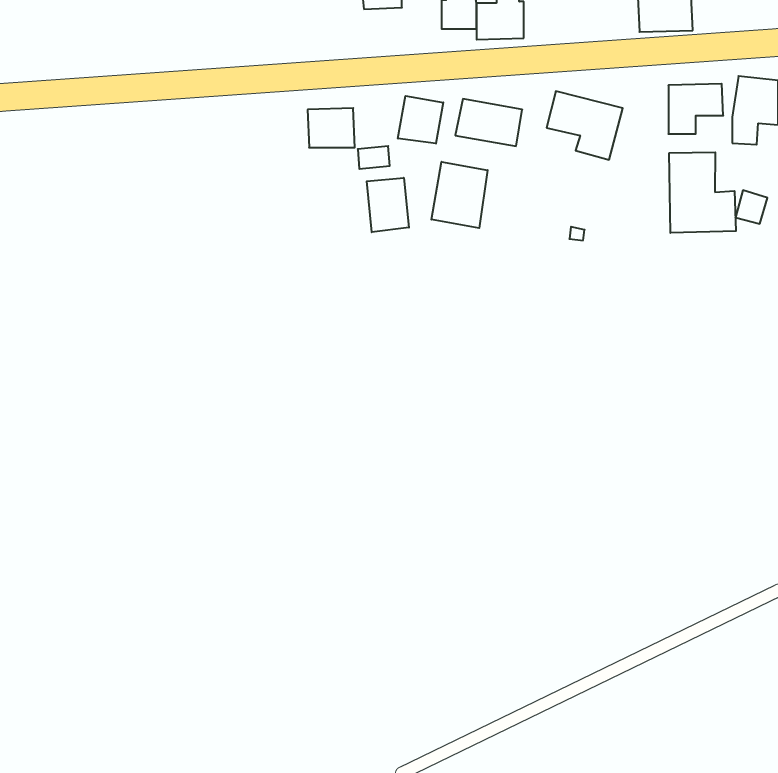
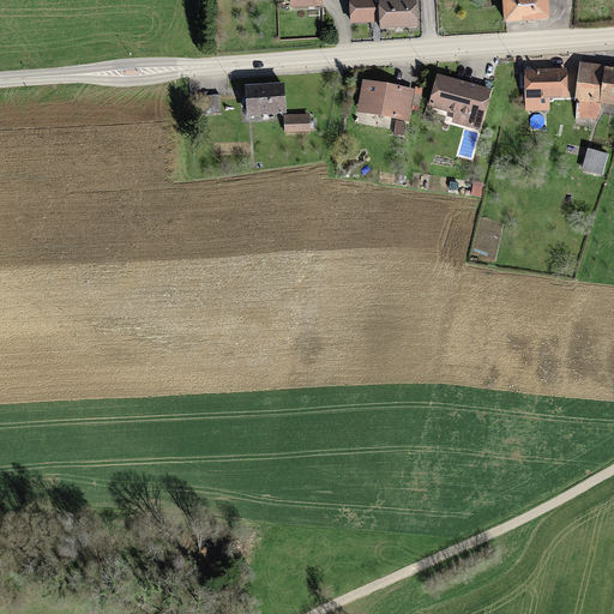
building: [398,96,443,144] -> none
building: [669,152,736,233] -> none
building: [431,162,488,228] -> none
building: [367,178,409,232] -> none

